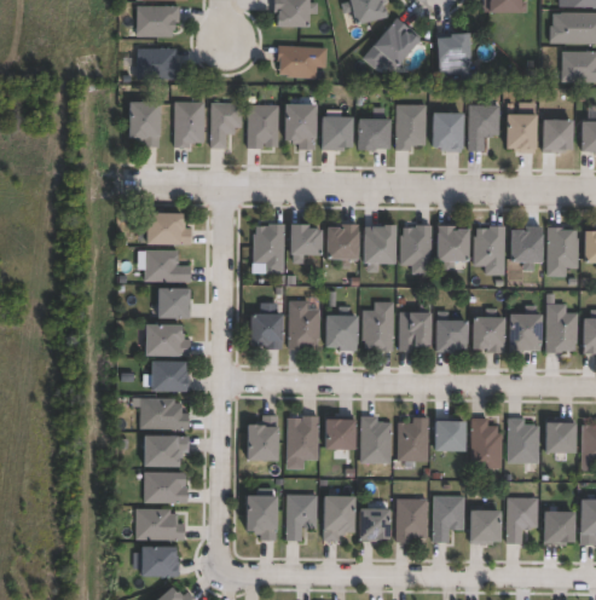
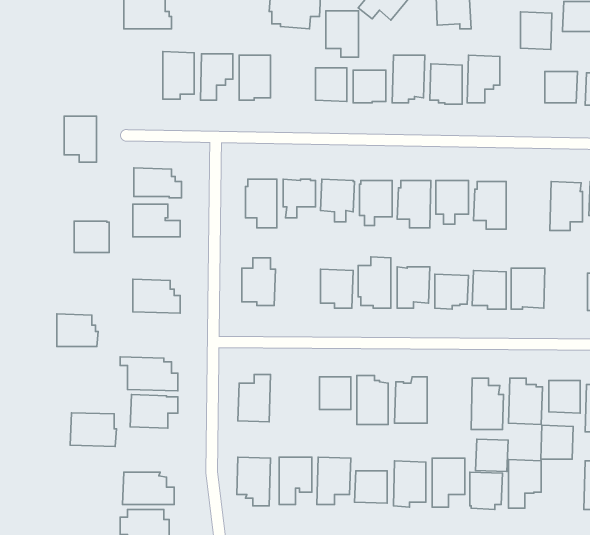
building: [128,103,160,148] -> [64,116,97,162]
building: [284,105,316,150] -> [326,11,358,57]
building: [507,115,537,151] -> [521,12,552,50]
building: [511,226,543,270] -> none
building: [157,285,191,316] -> [74,221,109,252]
building: [289,299,320,348] -> none
building: [546,302,579,351] -> none
building: [151,358,191,390] -> [57,314,98,347]
building: [287,415,319,468] -> none
building: [435,419,467,450] -> [476,439,508,472]
building: [144,471,189,503] -> [70,413,117,447]
building: [544,509,575,542] -> [541,425,573,459]

